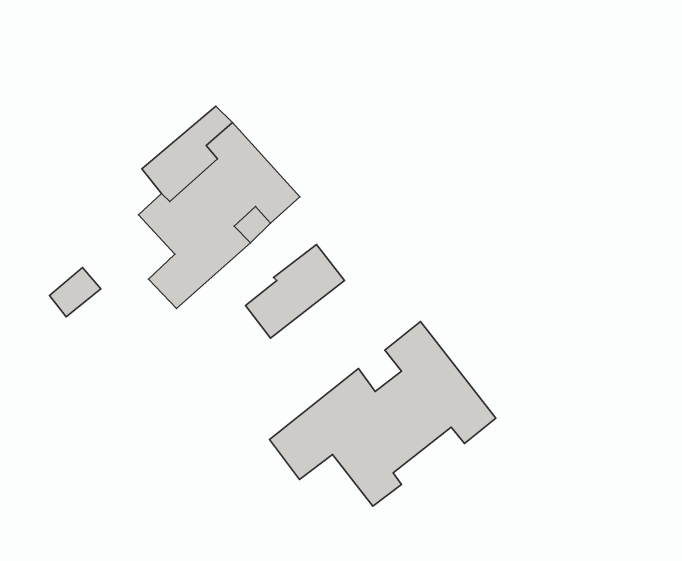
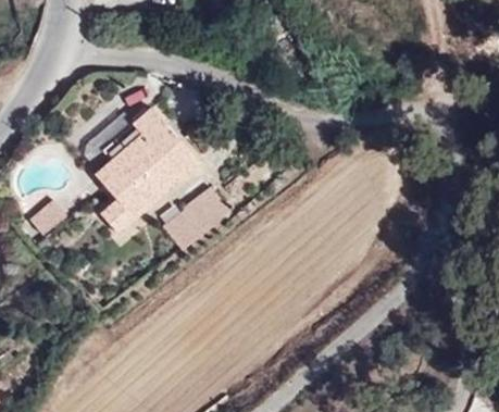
building: [270,322,496,506] -> none

